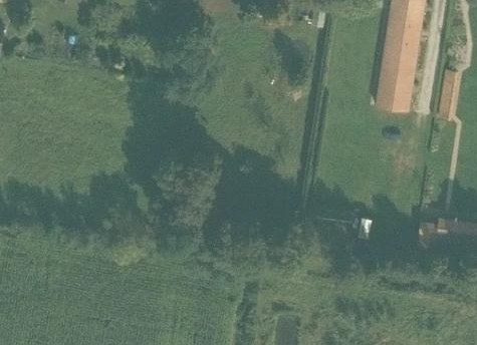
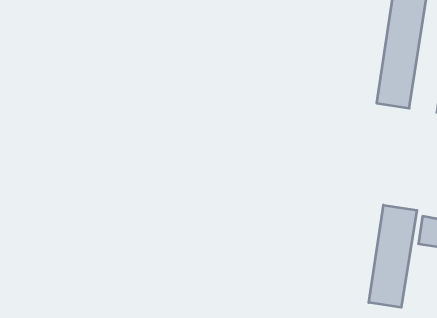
building: none -> [369,205,417,307]

